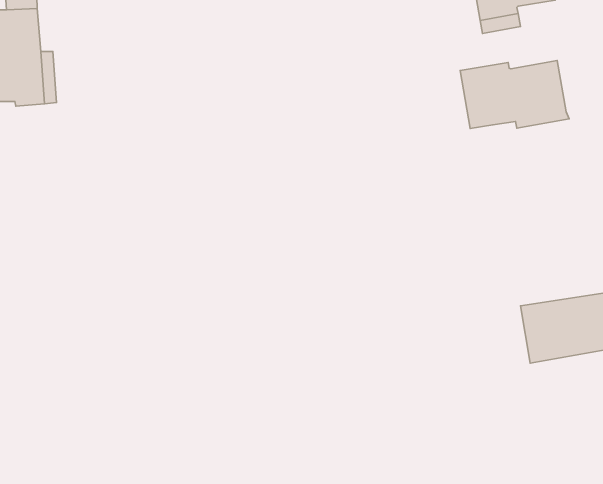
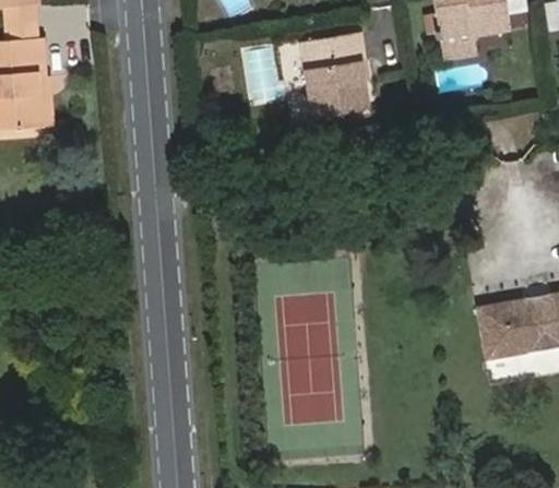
building: none -> [305,35,372,123]
building: [460,60,569,128] -> none

